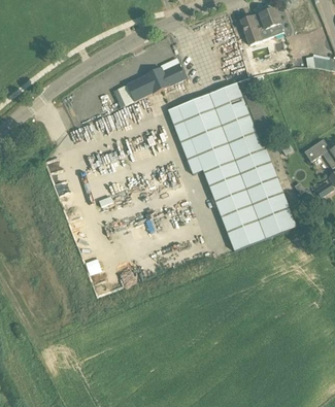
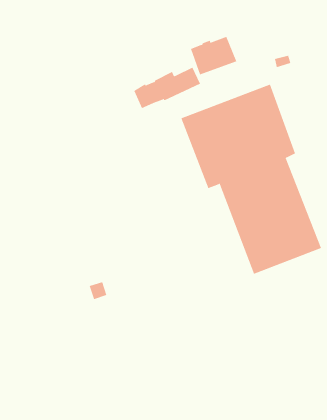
building: [241,9,283,44] -> [190,36,237,75]

